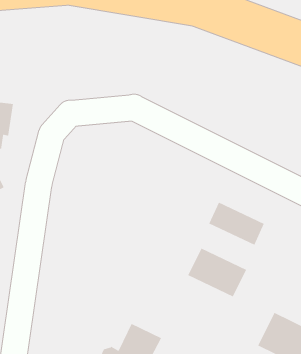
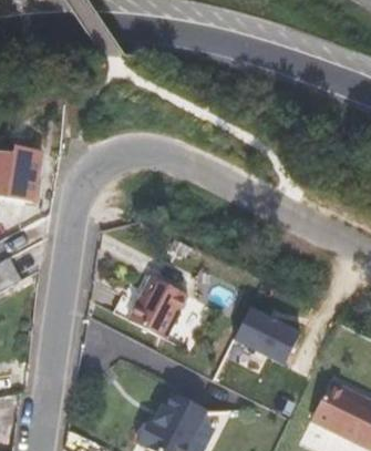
building: [208,201,265,246] -> none
building: none -> [128,276,187,338]

